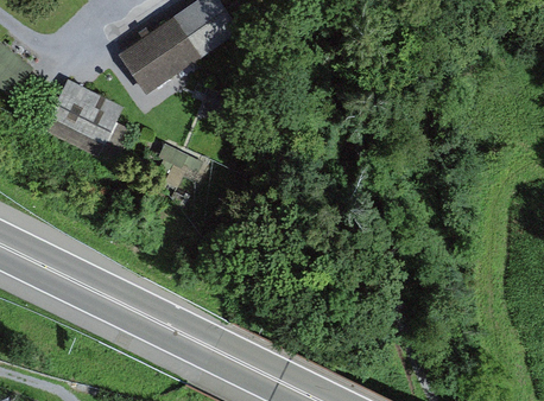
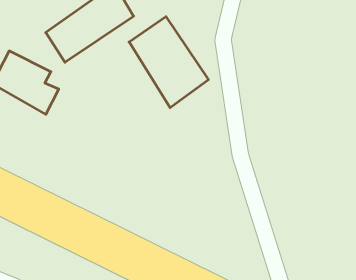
building: none -> [129,17,208,108]

